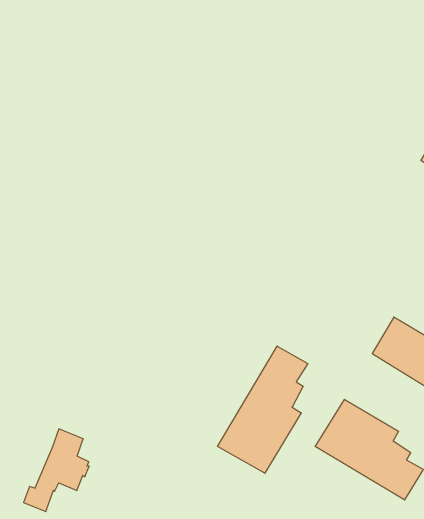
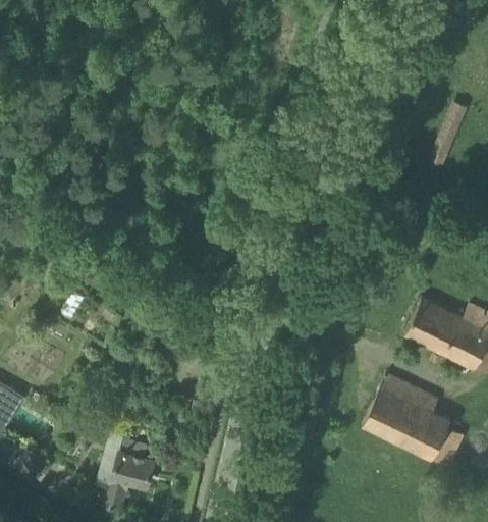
building: [217,346,308,473] -> none

